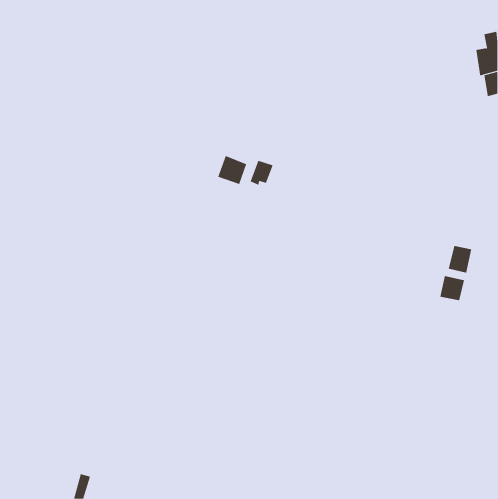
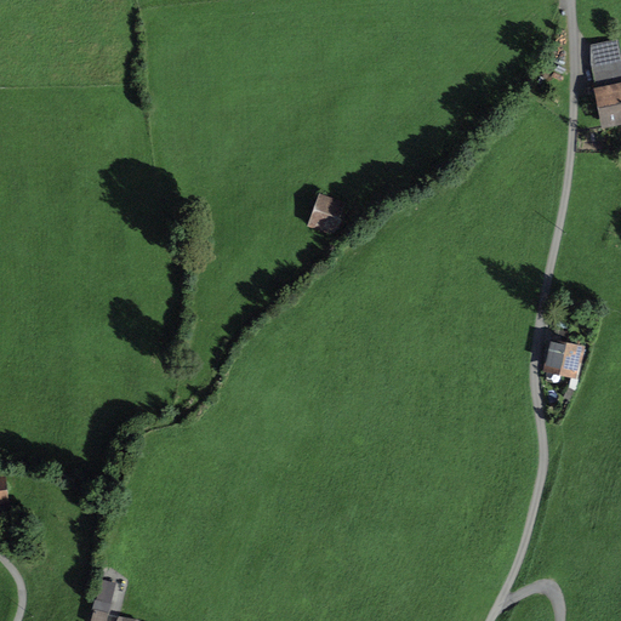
building: [218,155,247,185] -> none
building: [448,245,472,273] -> none

